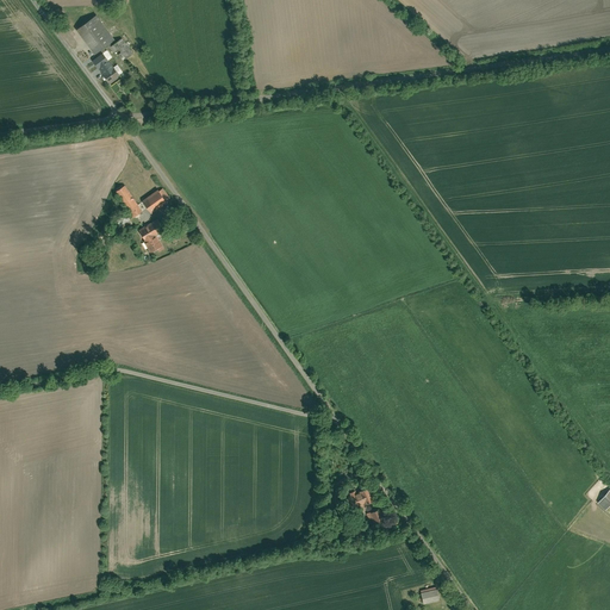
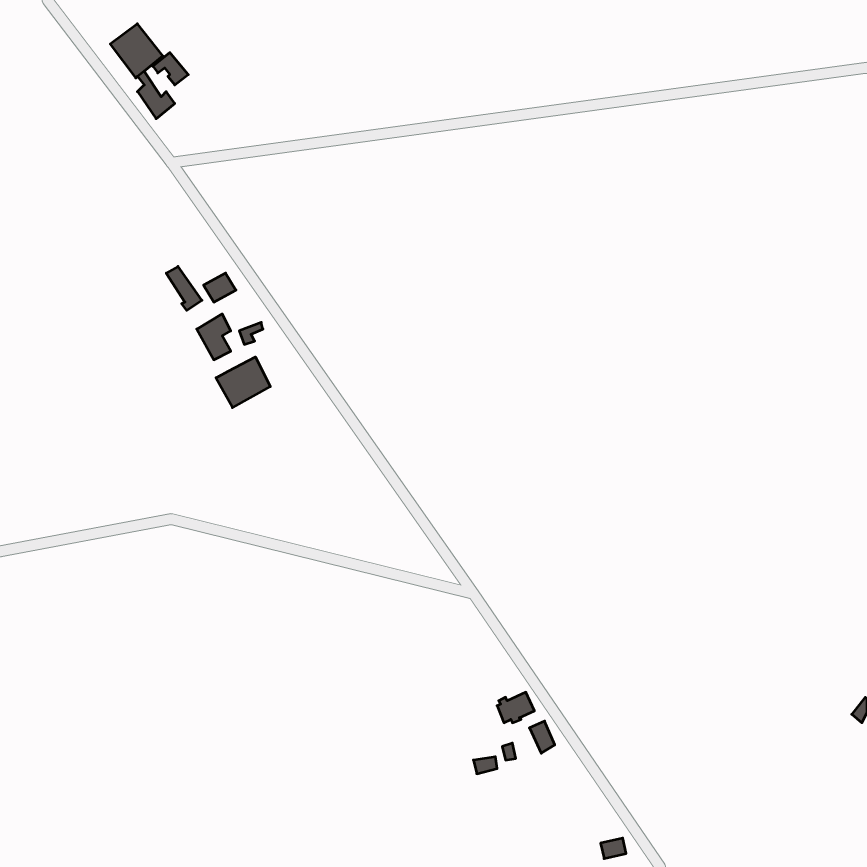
building: none -> [216,357,270,408]

